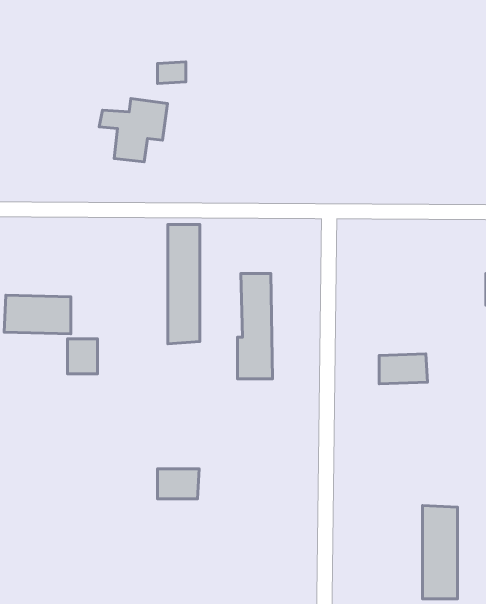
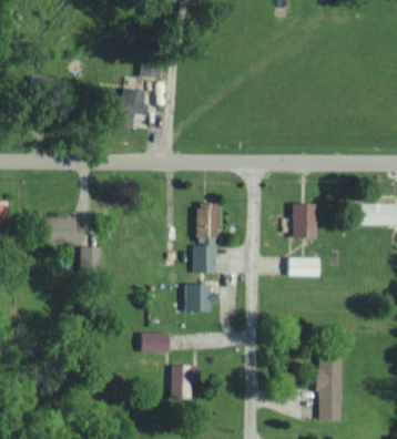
building: [168,225,200,344] -> none
building: none -> [292,203,316,238]
building: none -> [185,284,217,312]
building: none -> [171,365,199,399]

